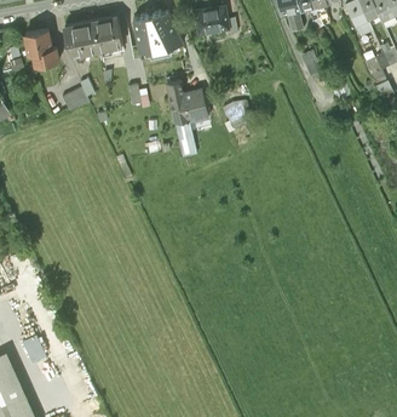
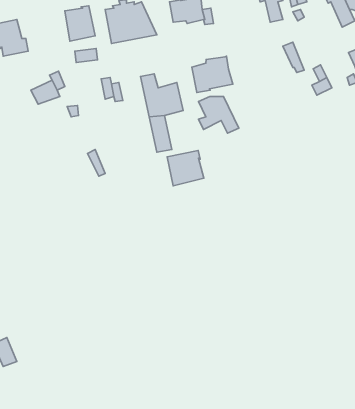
building: [64,22,98,55] -> none
building: none -> [192,56,233,92]
building: none -> [167,150,204,186]

